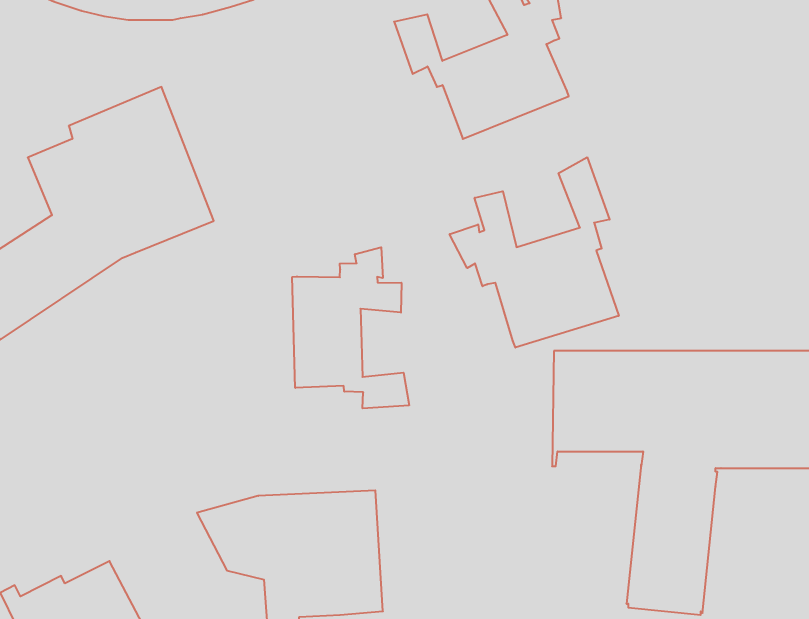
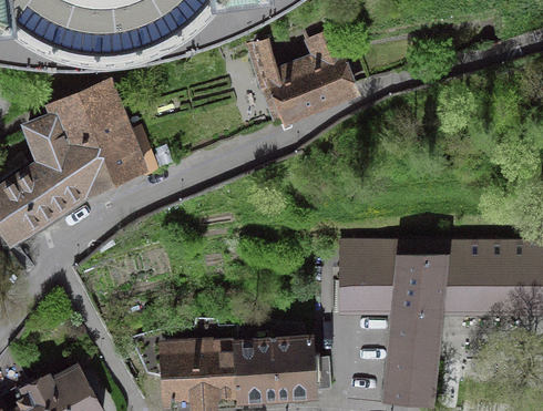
building: [450,157,619,348] -> none
building: [292,247,409,408] -> none
building: none -> [236,325,331,400]

